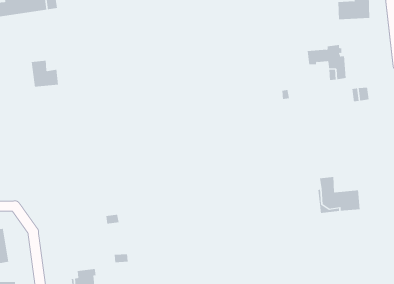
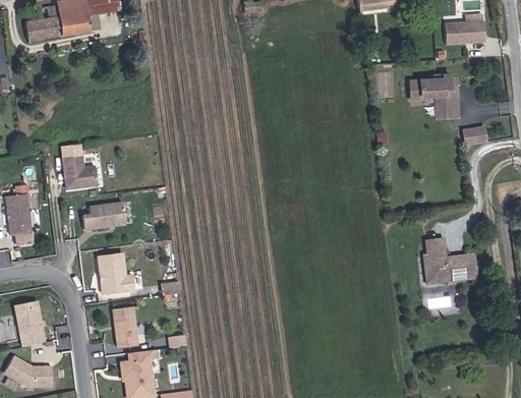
building: [31,60,59,87] -> [63,156,98,189]
building: none -> [82,204,126,230]
building: none -> [98,255,133,294]
building: none -> [112,307,137,348]

